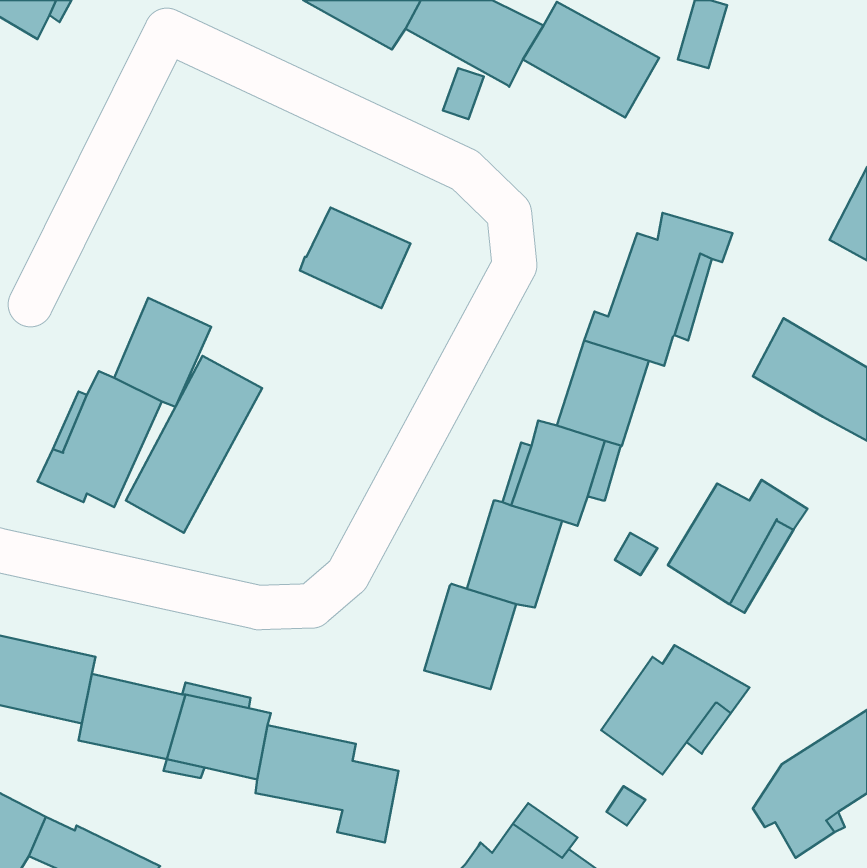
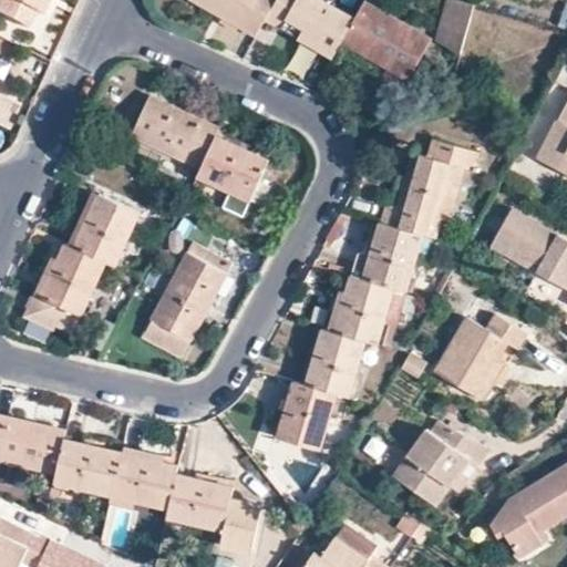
building: none -> [130,95,217,168]
building: [126,356,262,533] -> [141,243,229,358]

